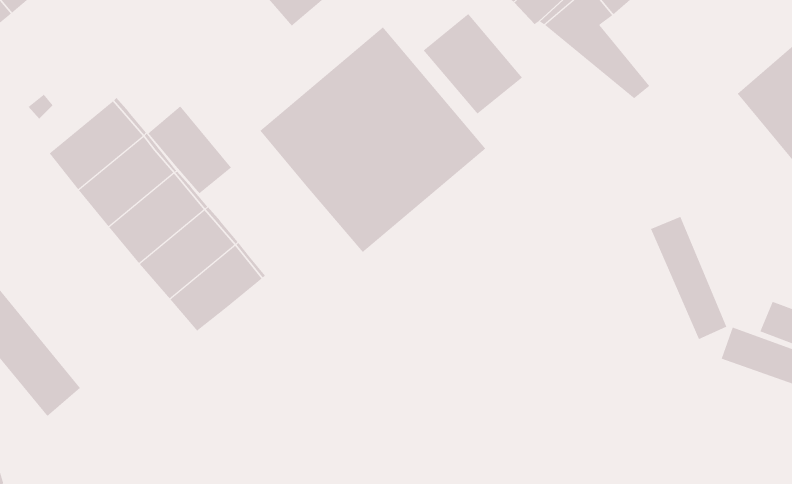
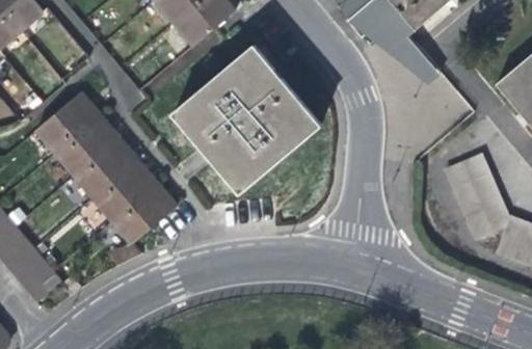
building: [423,13,523,115] -> none
building: [147,105,232,194] -> none
building: none -> [449,159,500,239]

